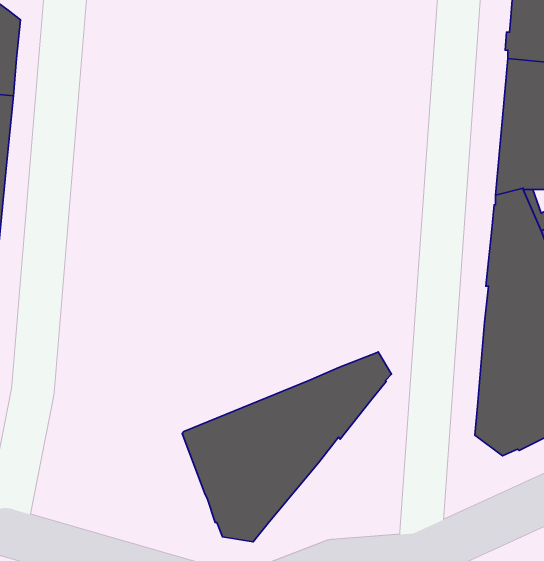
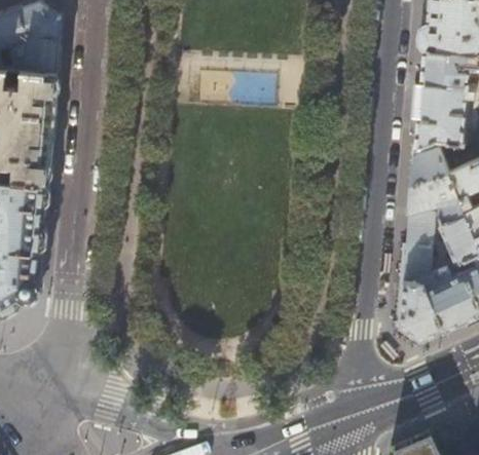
building: [182,352,391,542] -> none

